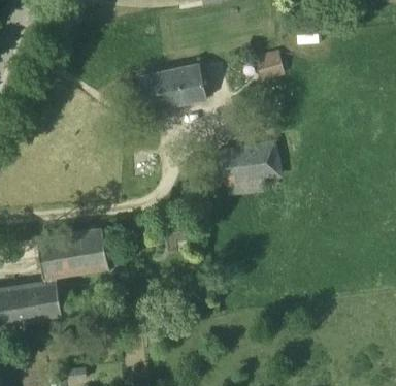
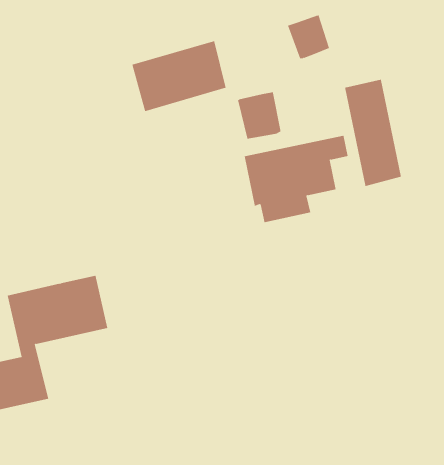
building: none -> [344,79,401,187]
building: none -> [238,91,281,139]

